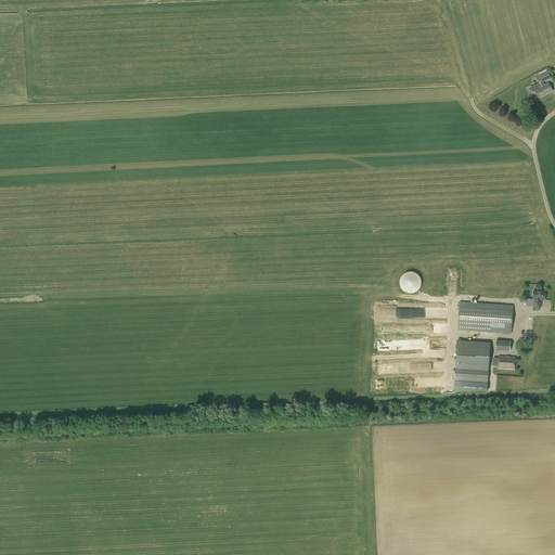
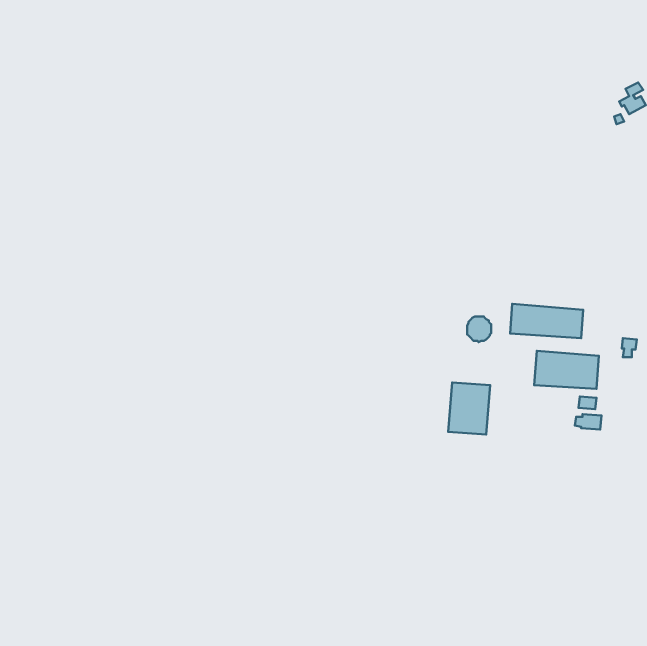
building: none -> [510,304,583,338]
building: [454,339,490,384] -> [448,383,490,435]

